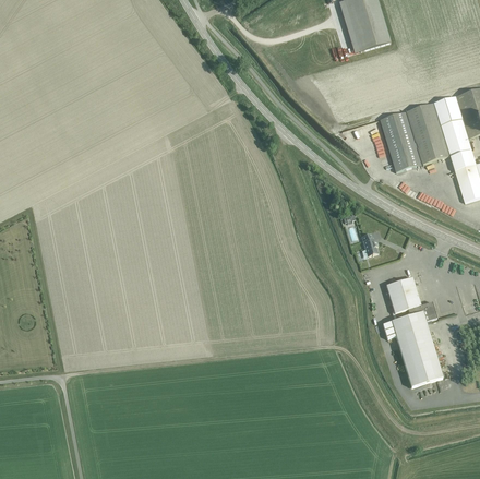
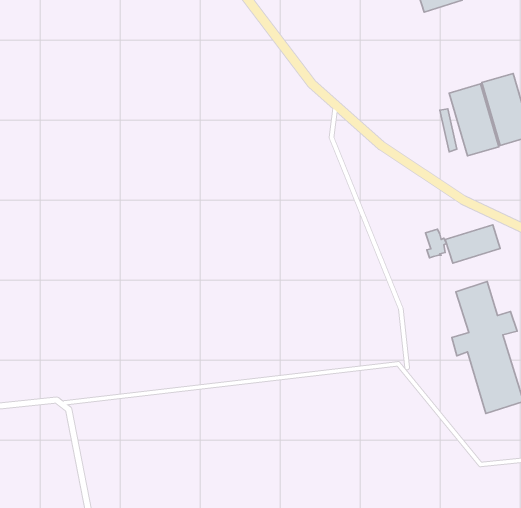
building: none -> [445,225,500,263]

